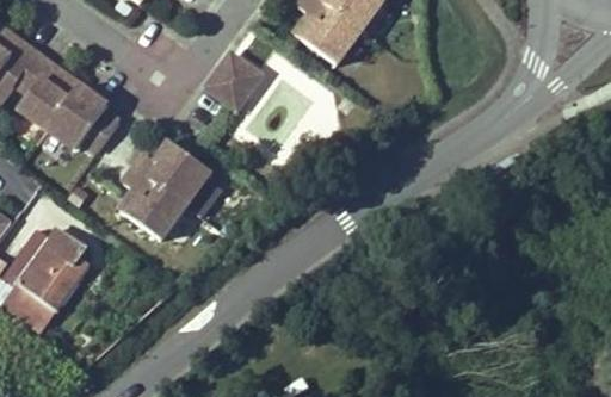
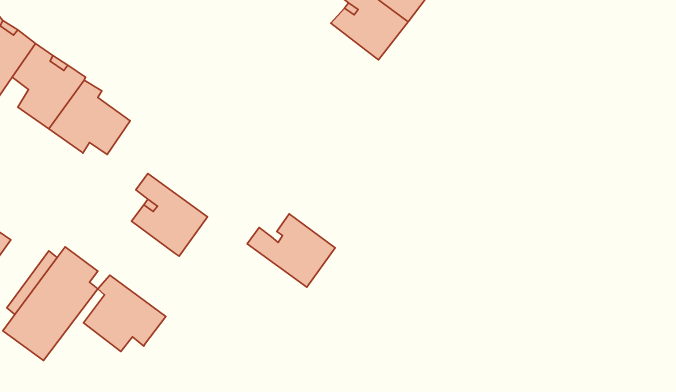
building: [205,54,260,108] -> none
building: [131,139,209,204] -> [247,214,335,287]
building: none -> [83,275,166,352]

